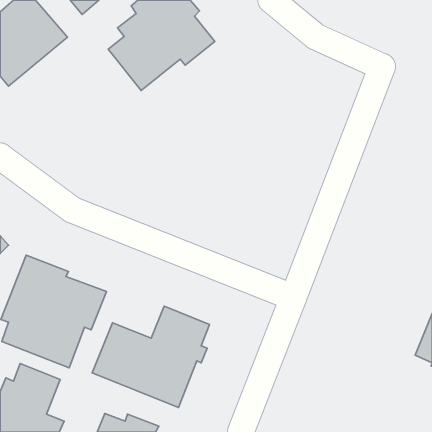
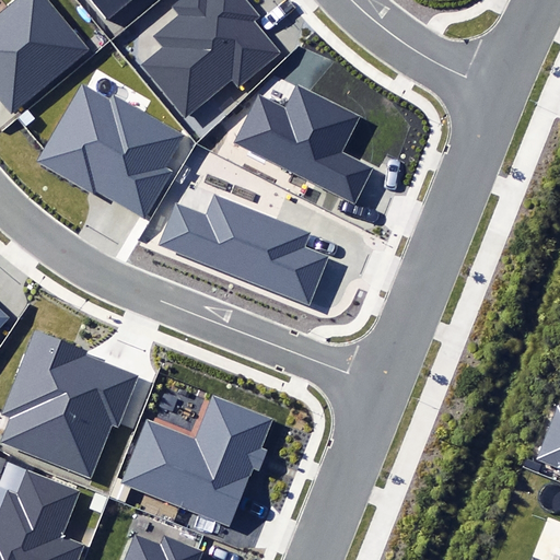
building: none -> [38,84,186,218]
building: none -> [234,85,371,203]
building: none -> [158,196,330,307]

